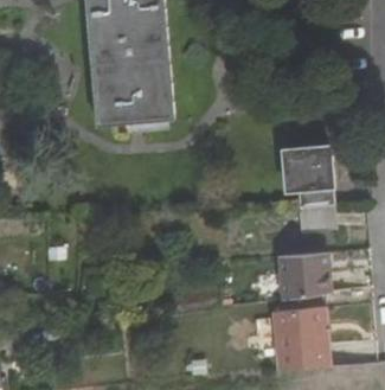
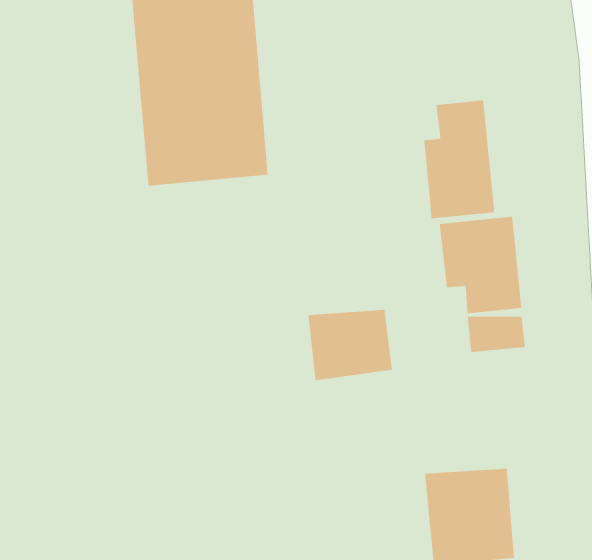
building: none -> [424,100,495,219]
building: [277,254,332,300] -> [307,309,393,381]

